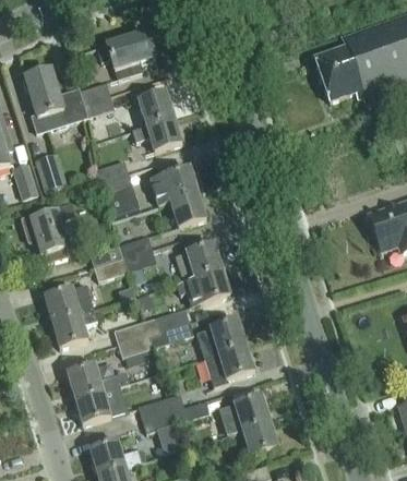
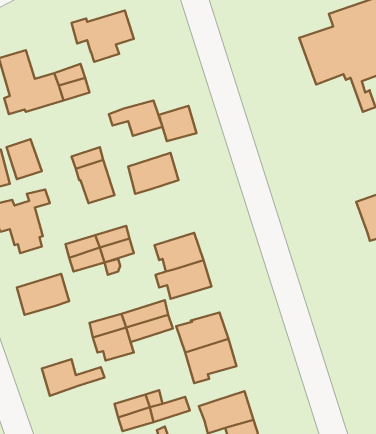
building: [139,91,175,124] -> [159,106,196,141]
building: [171,193,206,227] -> none
building: [51,309,97,348] -> none
building: [75,389,111,423] -> none

